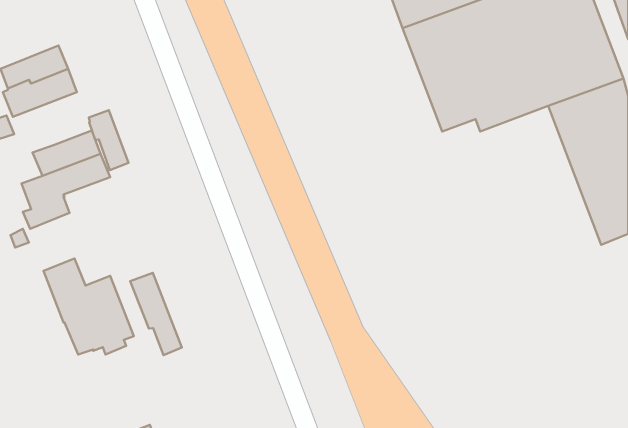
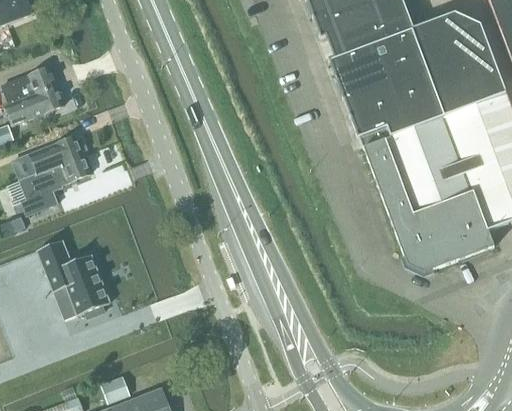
building: none -> [360,115,494,271]
building: [89,110,129,170] -> none
building: [130,273,182,355] -> none

